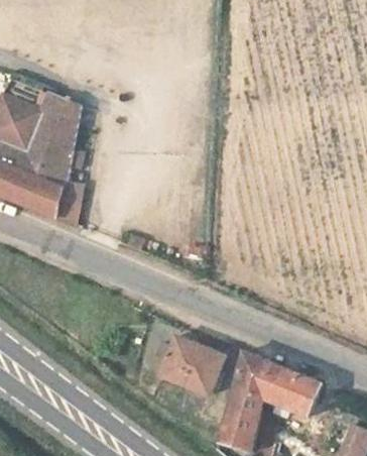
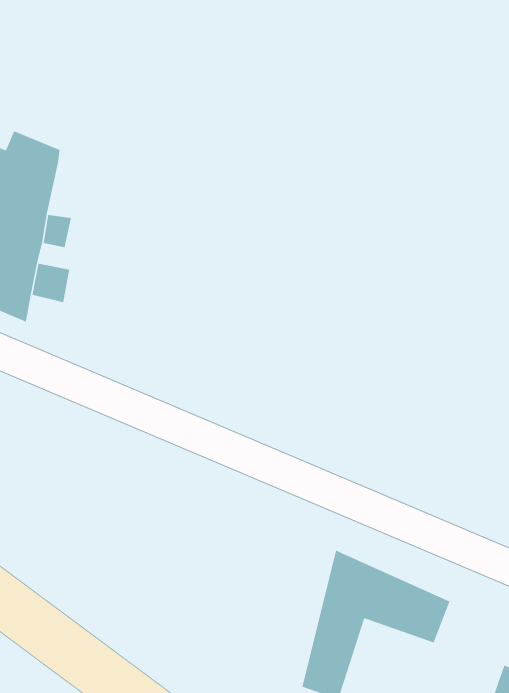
building: [159,340,223,395] -> none

